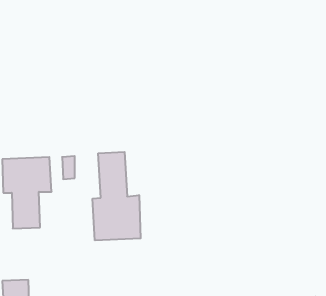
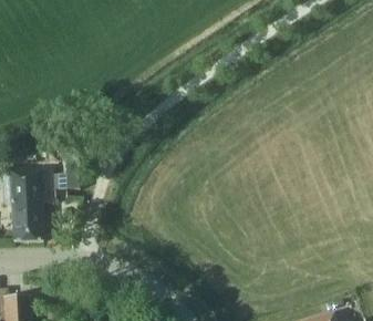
building: [93,152,141,240] -> none

